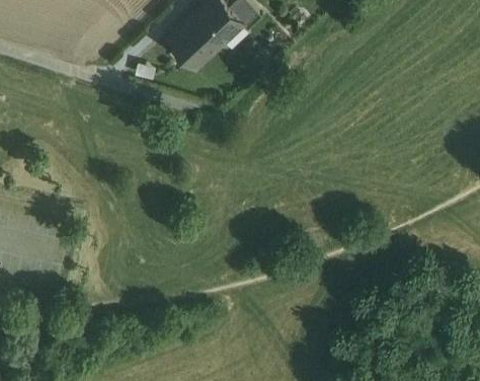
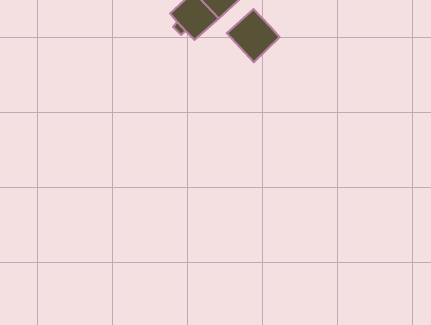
building: none -> [227,9,280,62]

